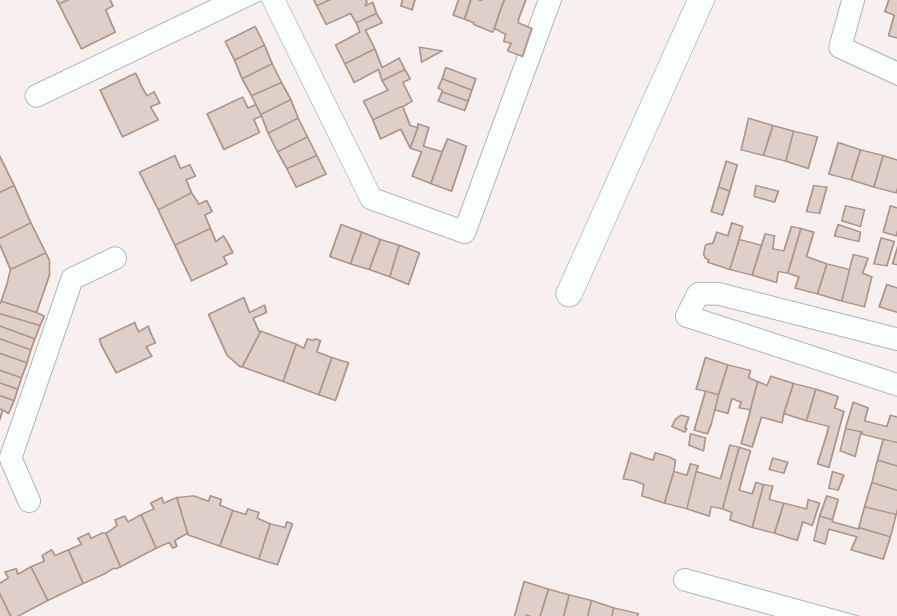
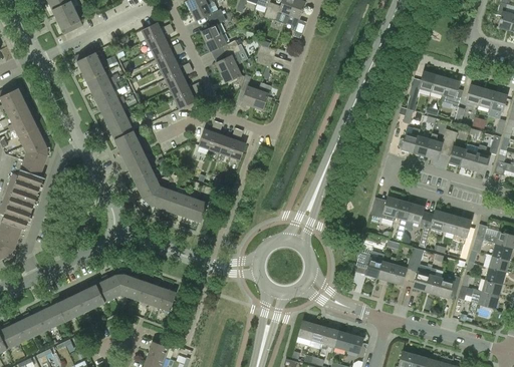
building: [207,97,261,149] -> [86,72,115,100]
building: [99,322,156,373] -> [123,149,154,176]
building: none -> [370,197,400,222]

